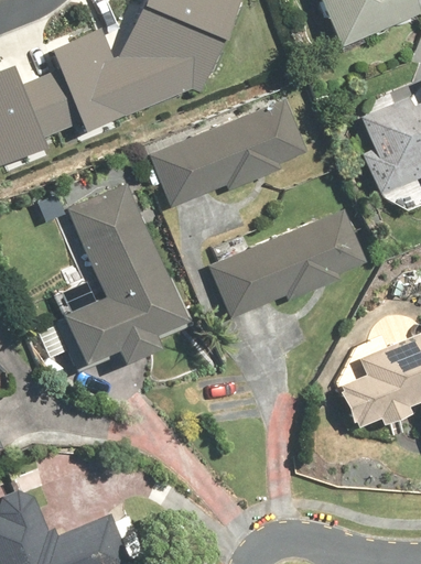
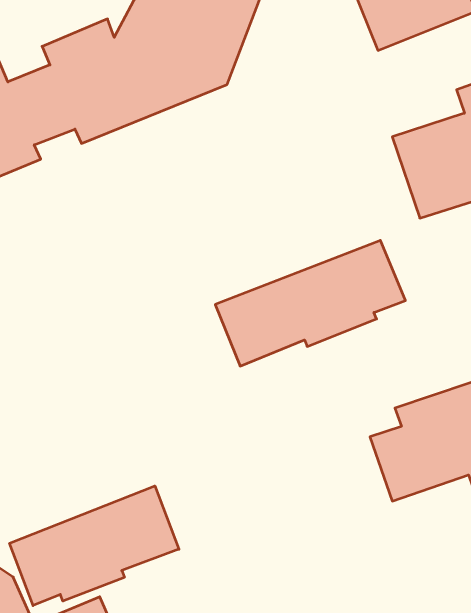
building: [147,100,305,207] -> none
building: [55,181,190,371] -> none
building: none -> [10,486,179,606]

